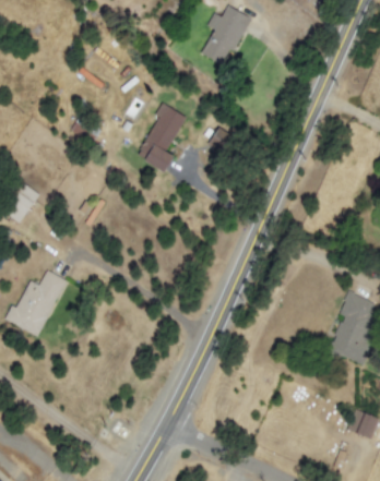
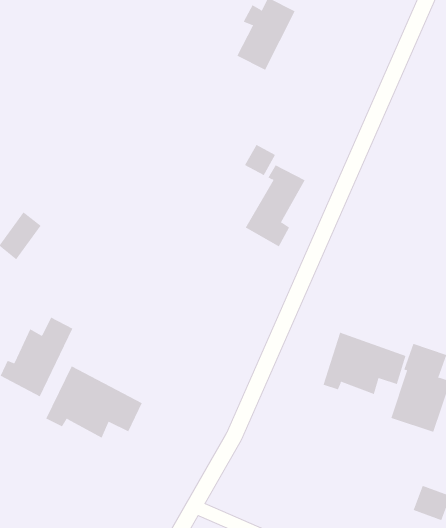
building: [136,103,187,171] -> [245,164,306,247]
building: none -> [323,332,406,395]
building: none -> [46,366,142,438]

